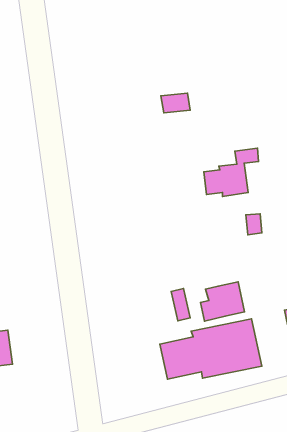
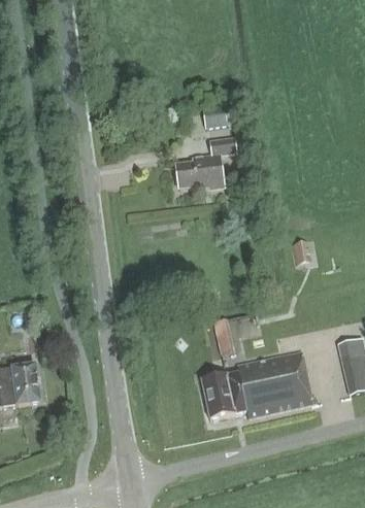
building: [204,148,258,196] -> [175,137,235,190]
building: [200,282,245,321] -> none

